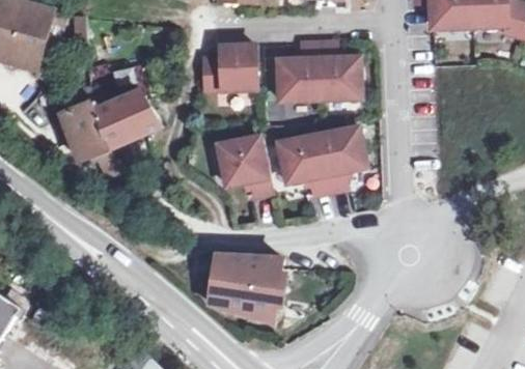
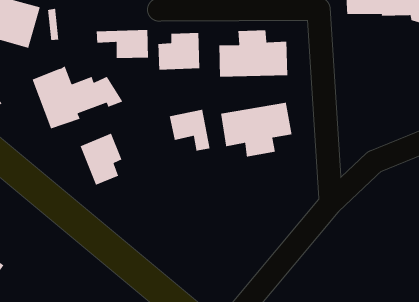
building: none -> [96,29,149,59]
building: none -> [80,132,123,186]
building: [205,255,284,323] -> none

